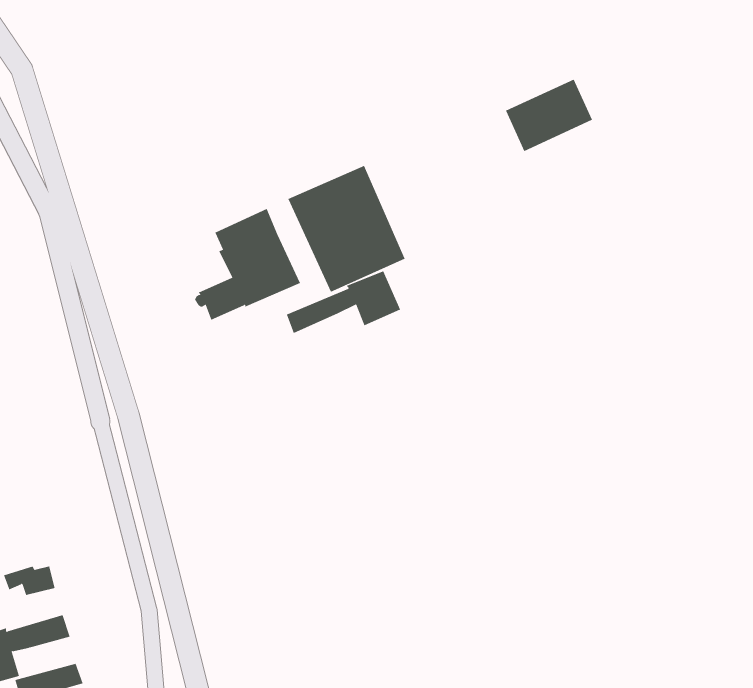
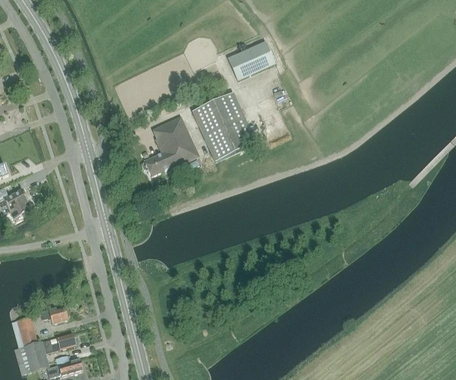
building: [505,79,593,152] -> [227,42,274,81]
building: [286,271,401,334] -> none

